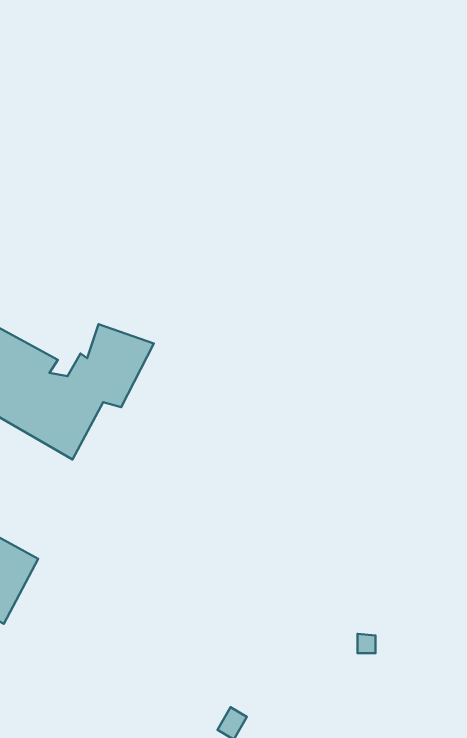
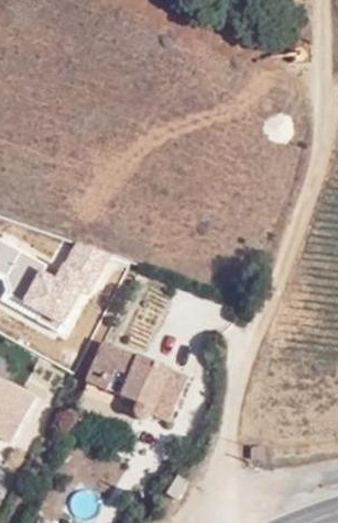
building: none -> [86,343,183,421]

